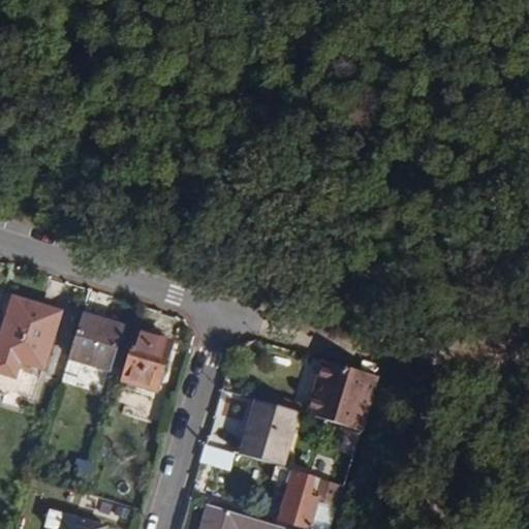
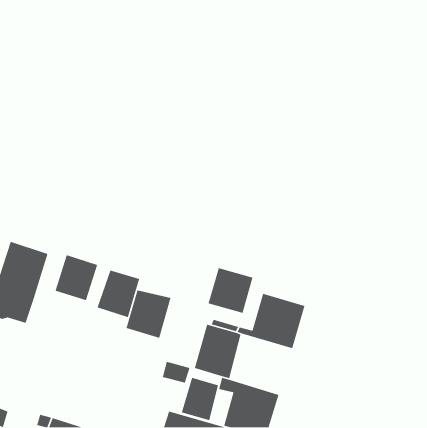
building: none -> [208,267,254,314]
building: none -> [126,289,171,339]
building: none -> [181,377,219,421]

